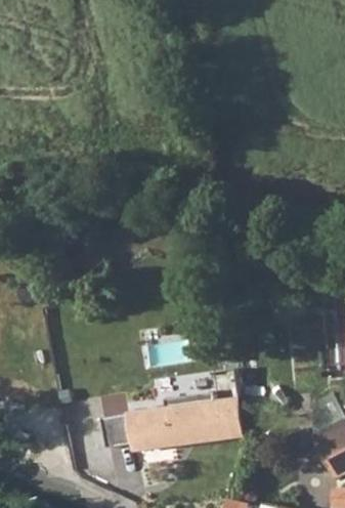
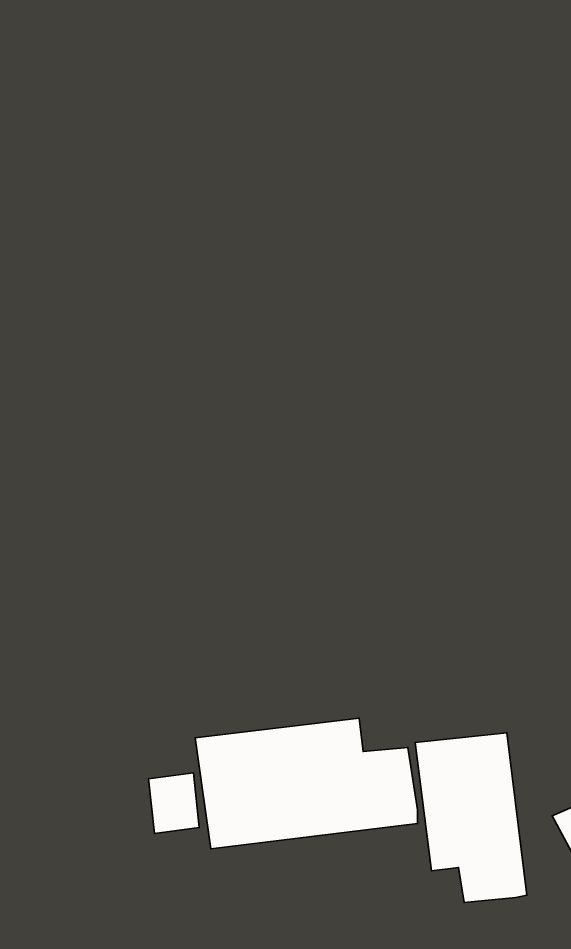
building: none -> [415,733,527,902]

